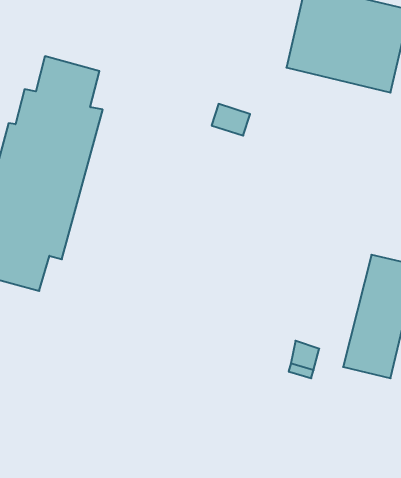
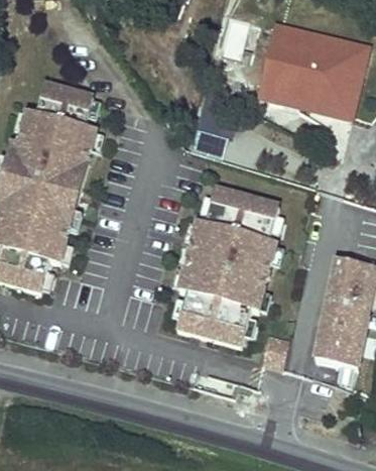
building: none -> [175,191,277,349]

